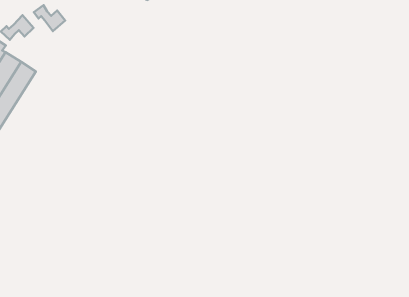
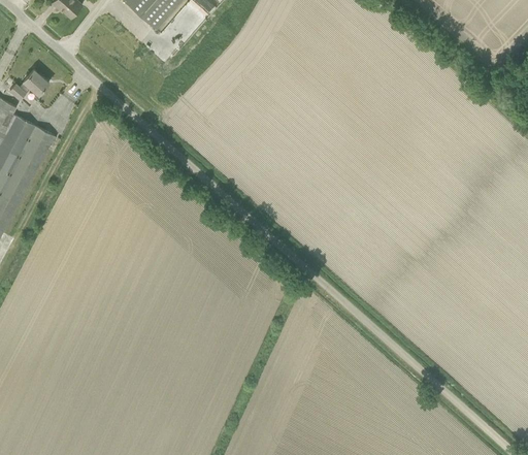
building: [34,5,65,31] -> none

